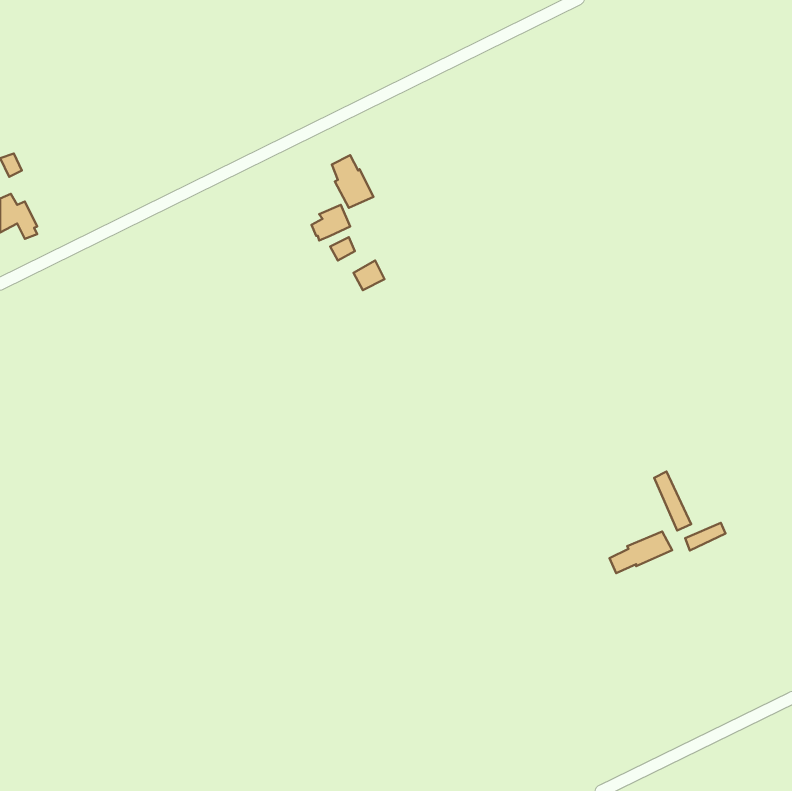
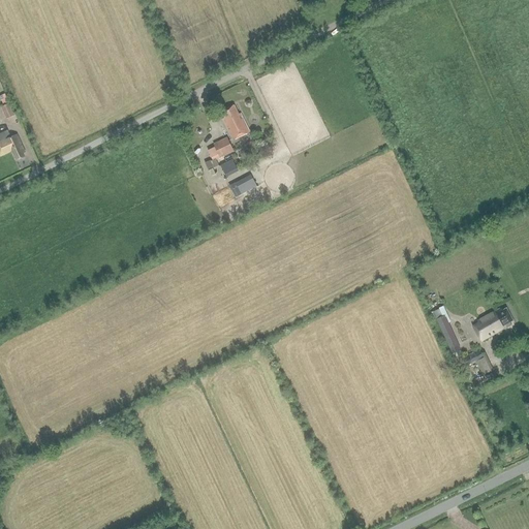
building: none -> [477,307,512,337]
building: [610,531,672,573] -> none

